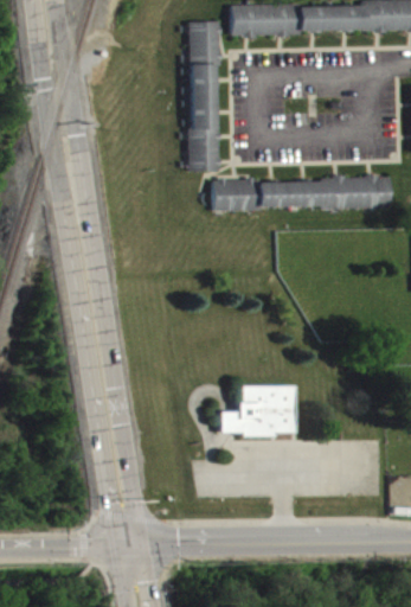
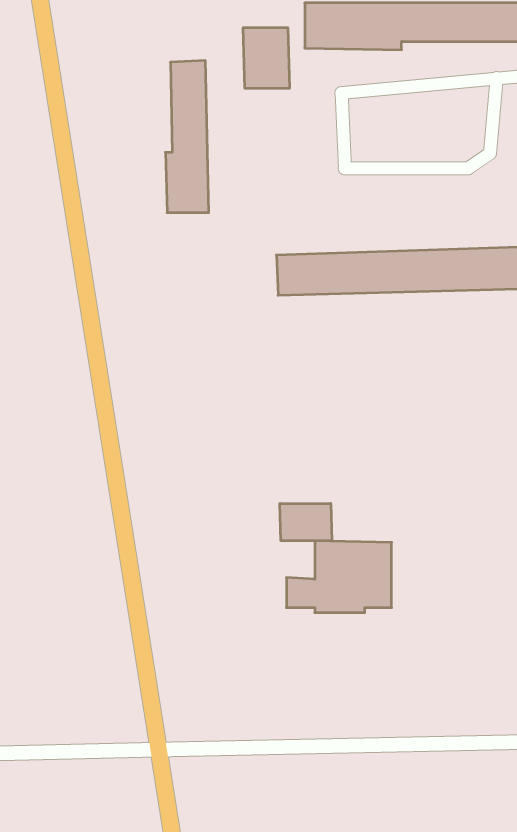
building: [187,63,218,171] -> [165,61,209,213]
building: none -> [280,503,332,541]

